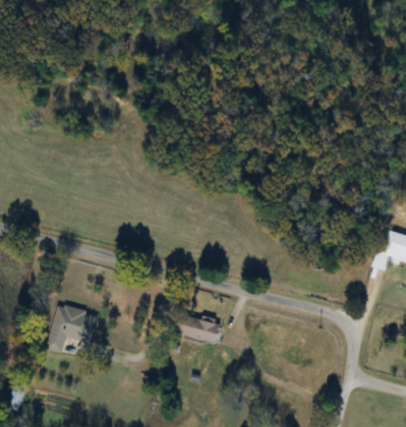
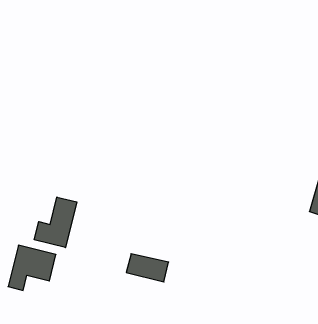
building: none -> [34,197,77,248]

